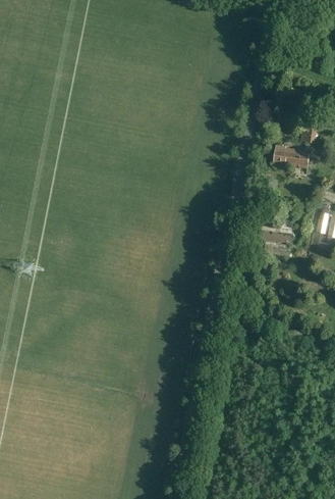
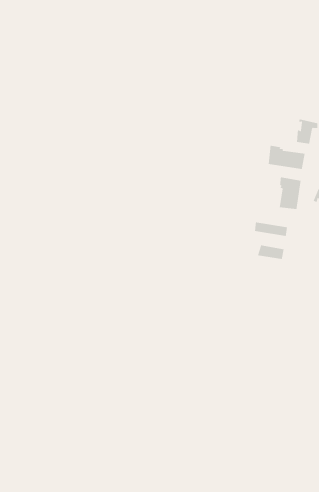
building: none -> [279,176,301,210]

